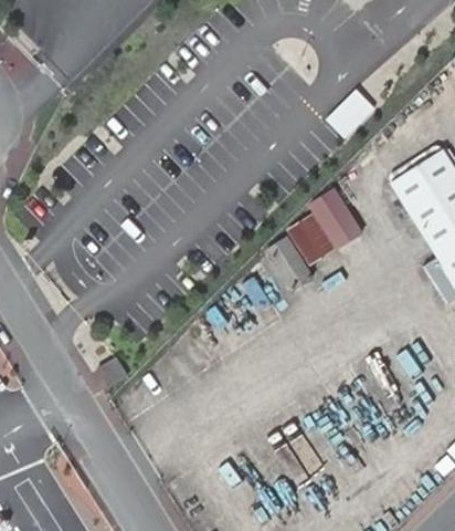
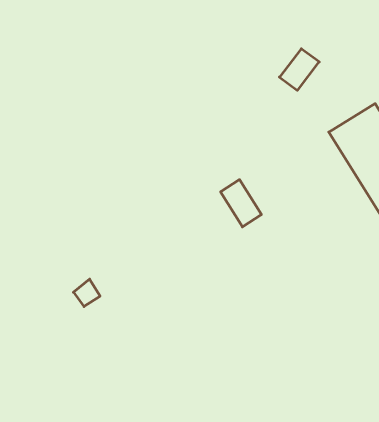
building: [287,189,360,263] -> none

